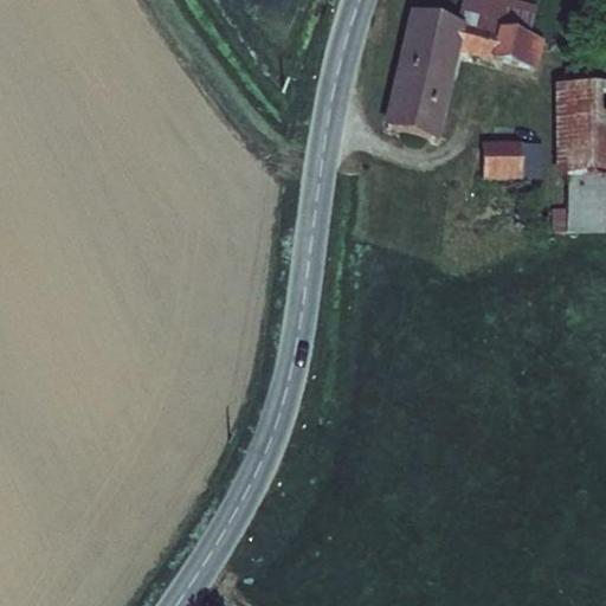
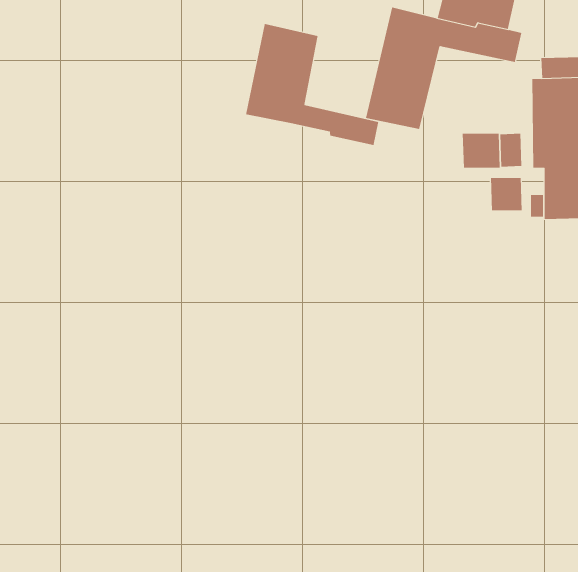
building: none -> [246,23,379,146]
building: none -> [490,177,522,211]

